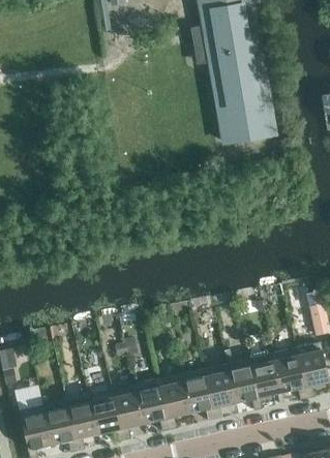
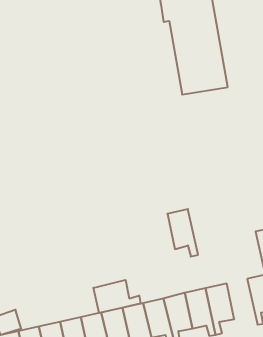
building: [273,348,307,401] -> [167,209,198,257]
building: none -> [93,280,141,313]

